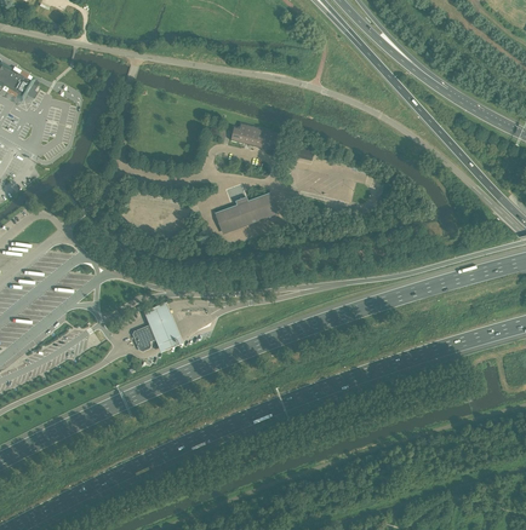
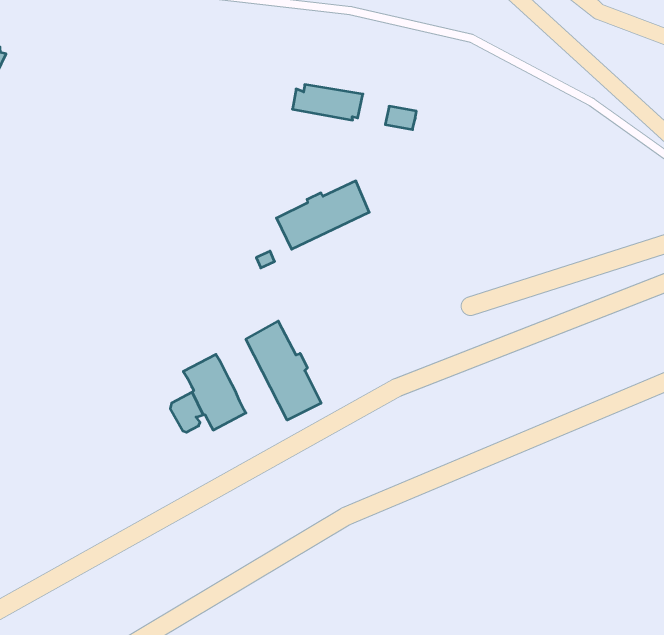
building: none -> [246,321,321,420]

